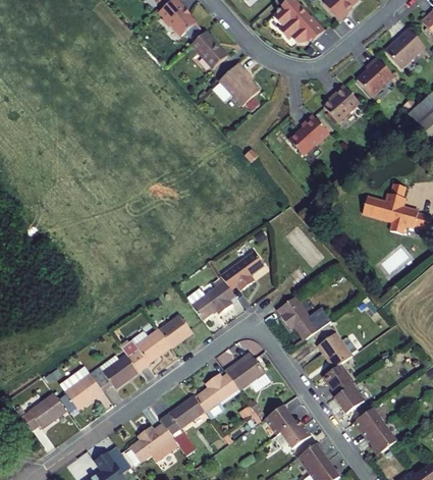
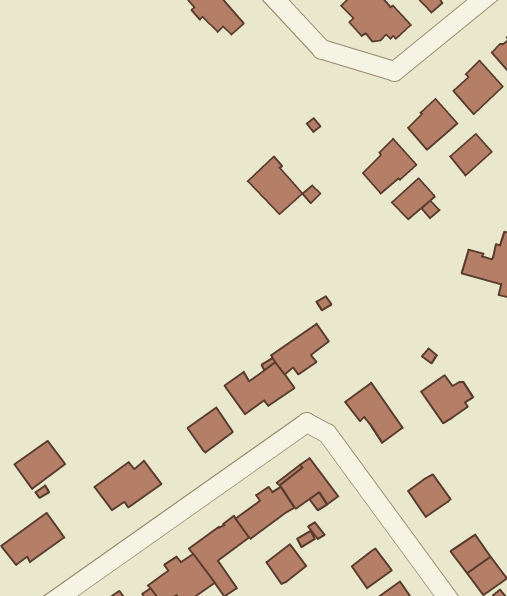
building: [191,31,227,68] -> none
building: [219,62,260,105] -> [248,157,303,214]
building: none -> [450,134,492,176]
building: none -> [392,178,435,219]
building: [121,328,171,371] -> none
building: [318,332,357,368] -> [421,375,473,423]
building: [65,373,103,409] -> [14,441,65,489]
building: [334,384,364,413] -> none
building: [266,405,295,434] -> [266,544,306,584]

